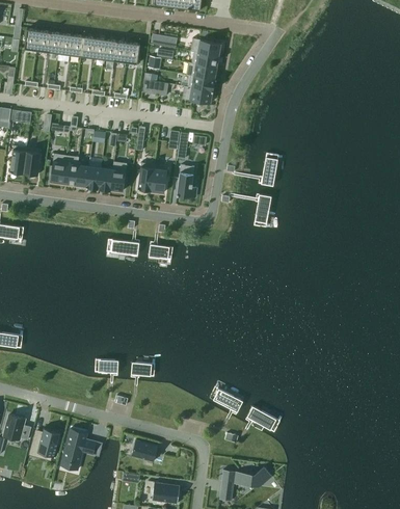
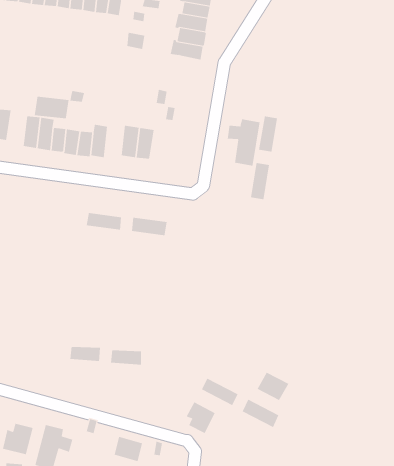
building: none -> [34,96,69,119]
building: none -> [227,118,260,166]
building: [177,165,196,197] -> none
building: none -> [257,372,289,401]
building: none -> [186,402,215,434]

